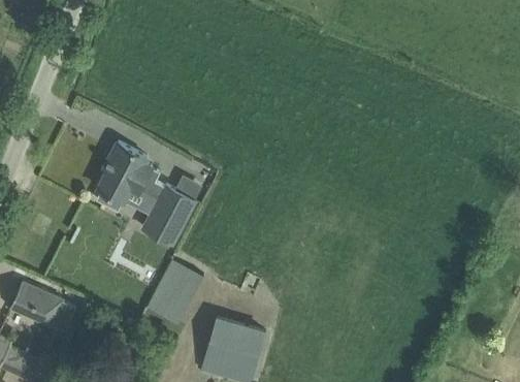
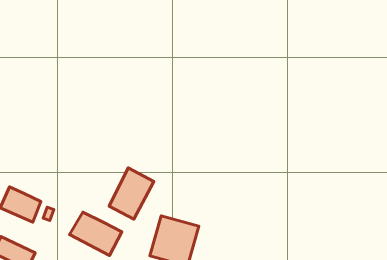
building: [95,141,194,244] -> none
building: none -> [70,212,122,256]

